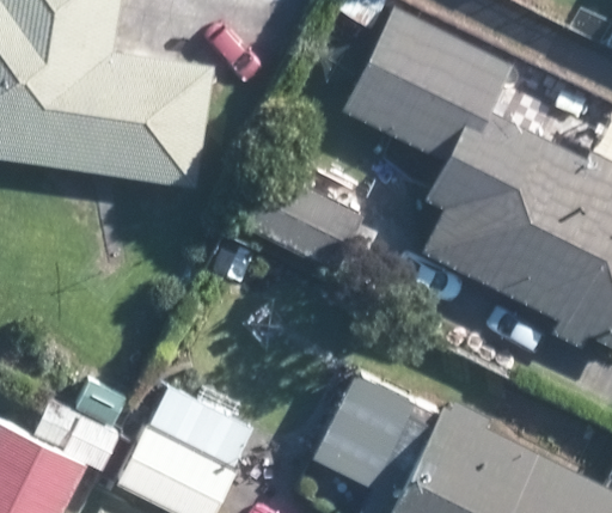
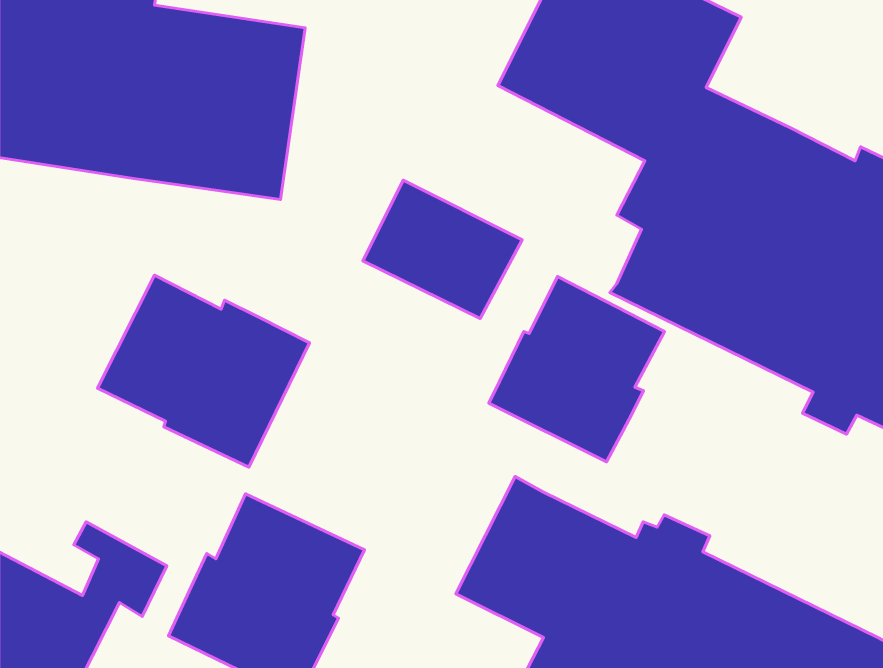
building: none -> [98,275,309,467]
building: none -> [489,277,664,462]

